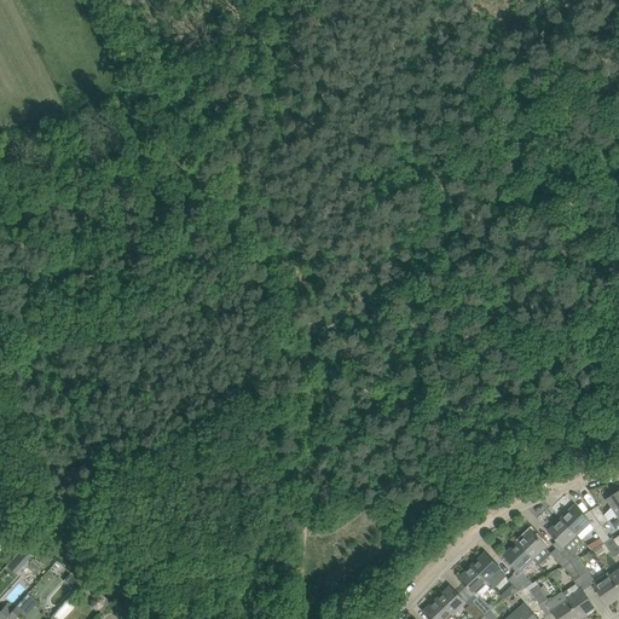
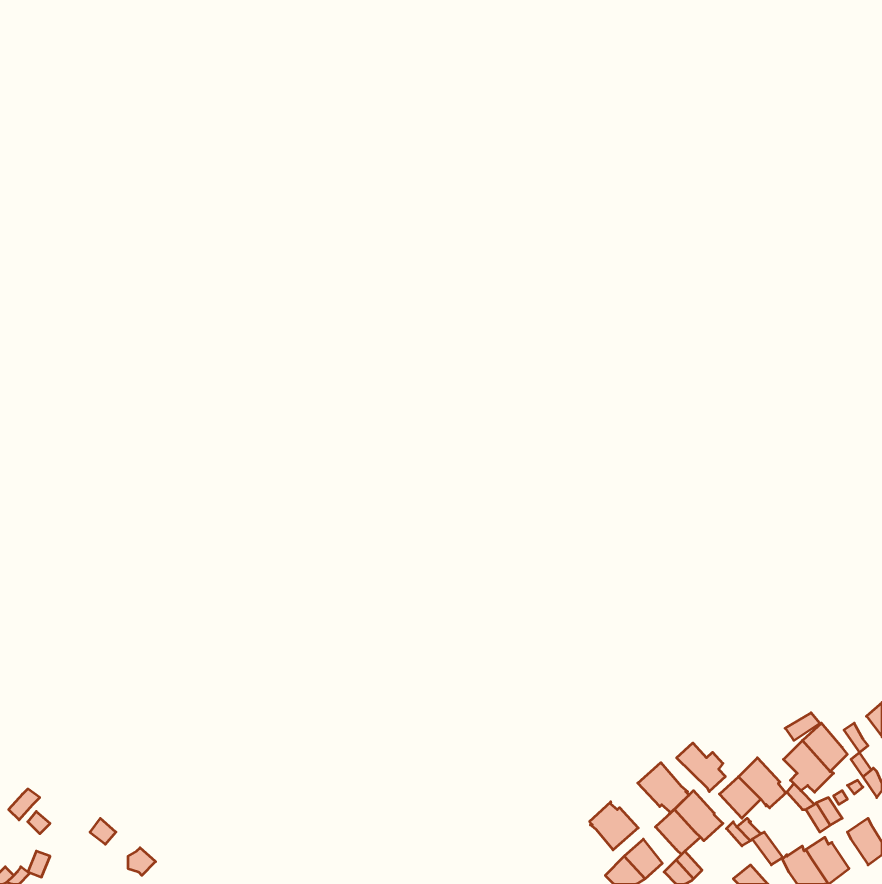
building: none -> [677,743,725,792]
building: none -> [638,763,689,814]
building: none -> [590,802,638,850]

